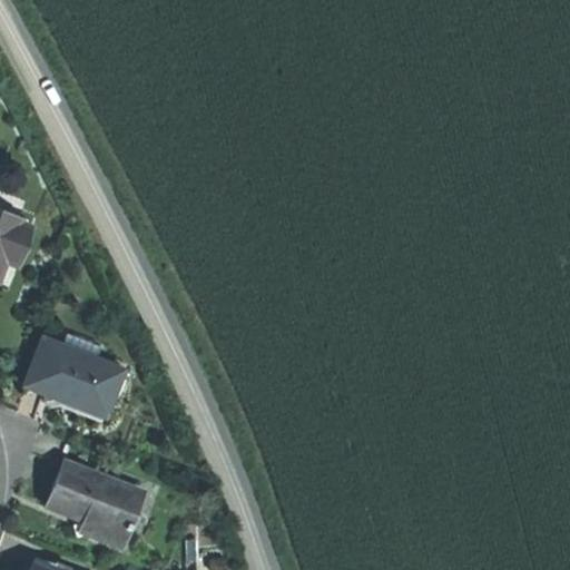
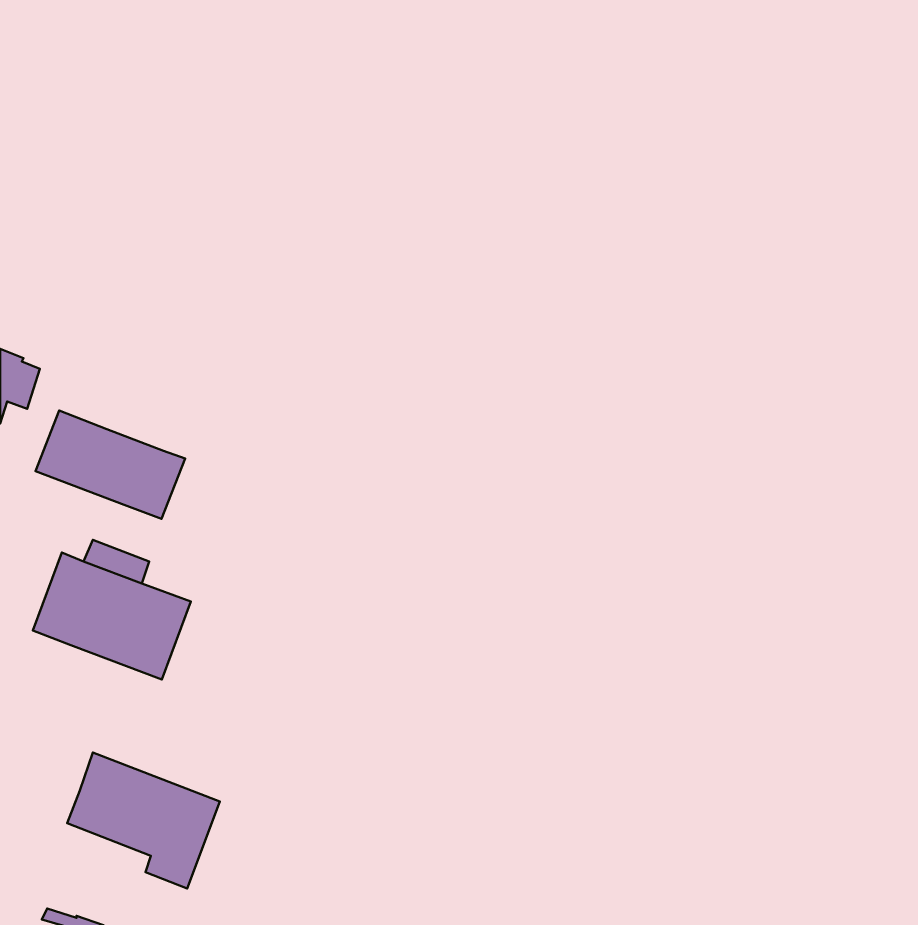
building: none -> [36,411,185,519]

